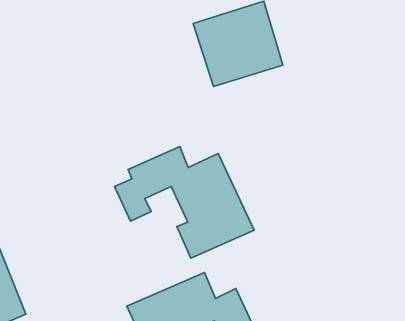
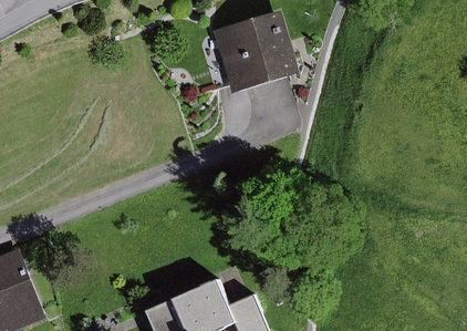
building: [115,147,254,258] -> none

